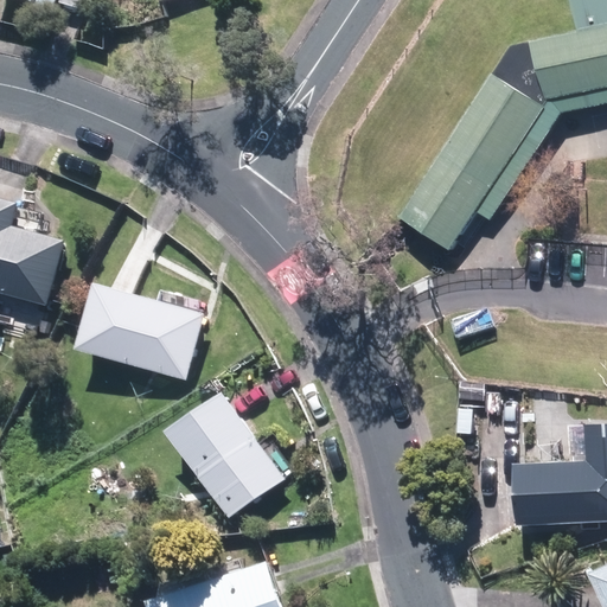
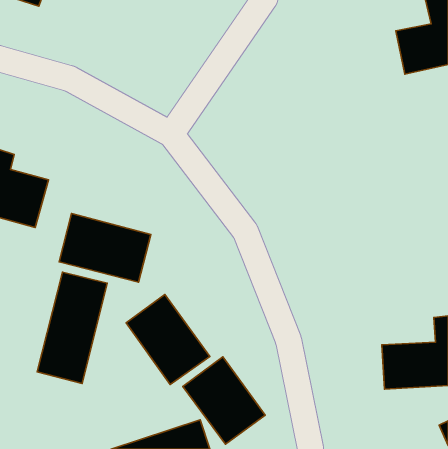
building: [397,74,543,249] -> none
building: none -> [37,272,107,384]
building: none -> [183,357,265,444]

